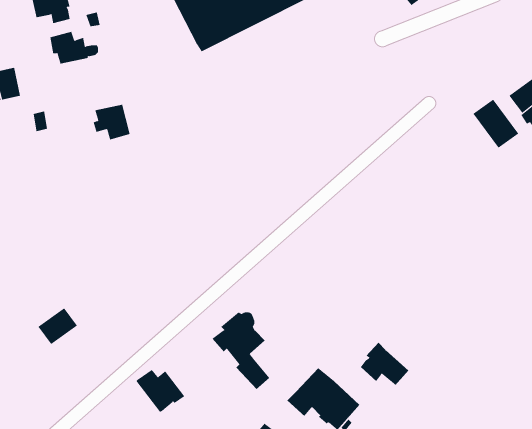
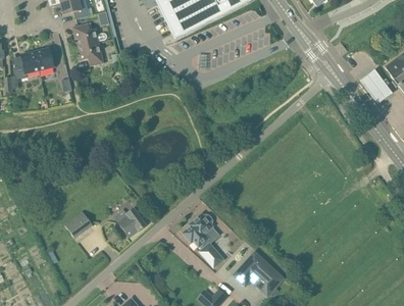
building: [93,104,130,140] -> [79,41,104,65]
building: [360,342,409,386] -> none
building: [136,369,185,413] -> [113,206,147,236]

